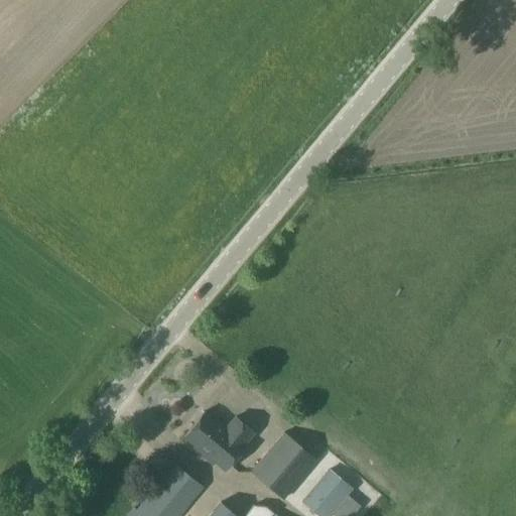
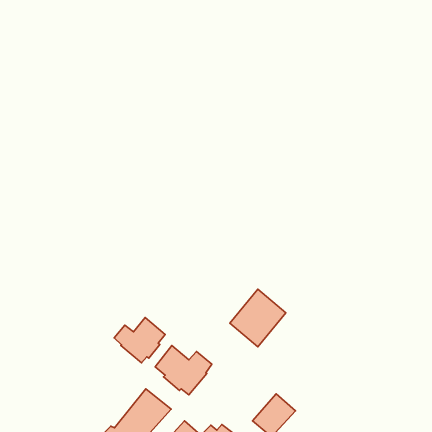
building: none -> [114,317,165,363]
building: [251,432,317,501] -> [230,289,286,347]

